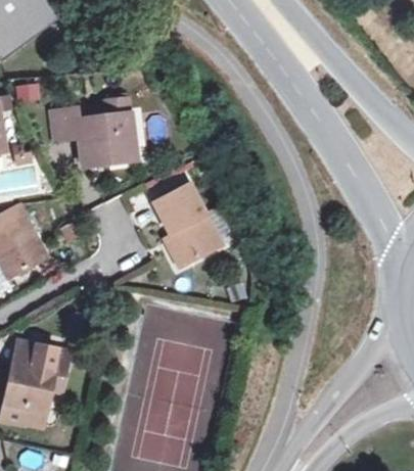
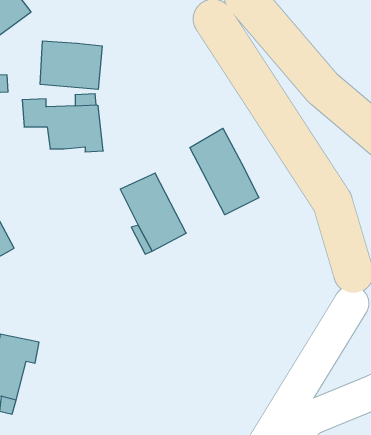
building: none -> [40,41,102,89]
building: none -> [190,128,259,215]

